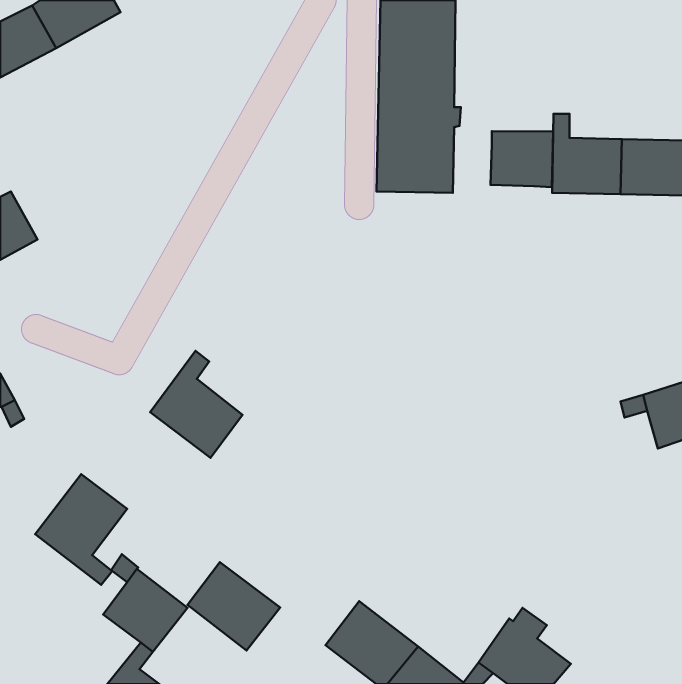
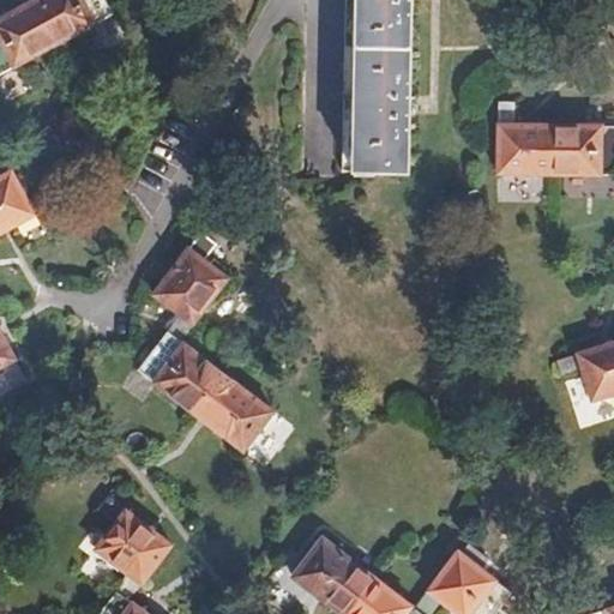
building: [491,131,553,187] -> none
building: none -> [152,233,225,324]
building: [35,474,127,585] -> none
building: [188,562,280,650] -> [191,372,273,451]

